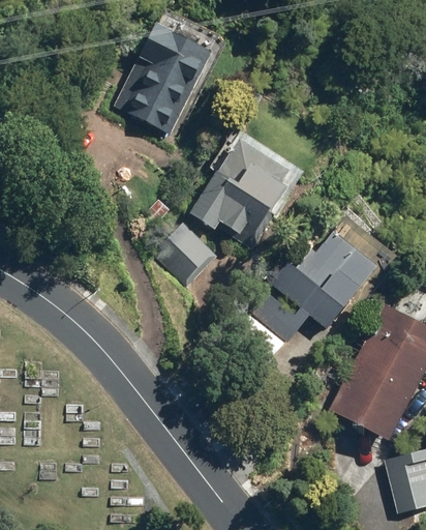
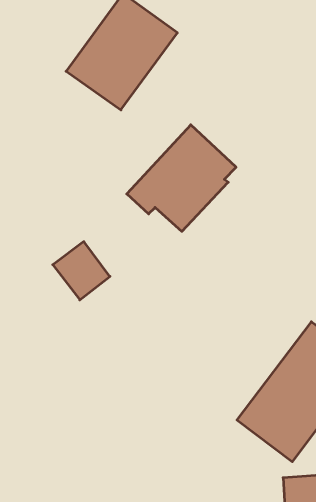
building: [155,226,211,282] -> [53,242,110,300]
building: [249,232,376,342] -> none

